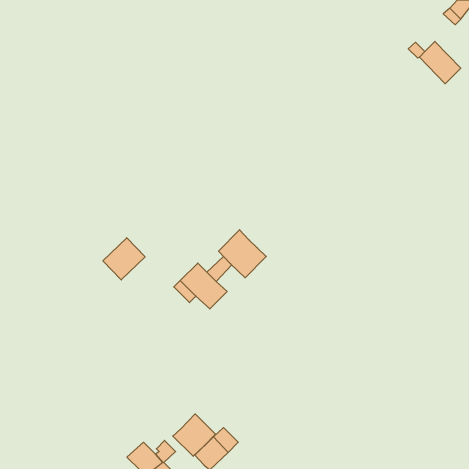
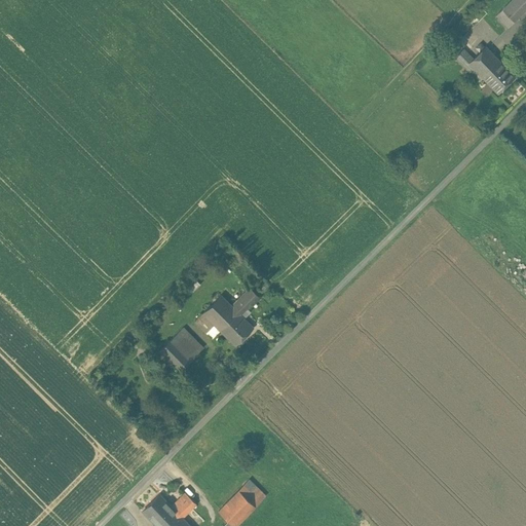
building: [219,230,266,278] -> none
building: [103,238,145,280] -> [157,327,204,374]
building: [173,414,216,456] -> none

